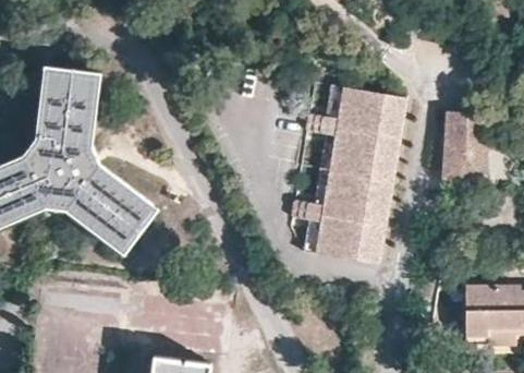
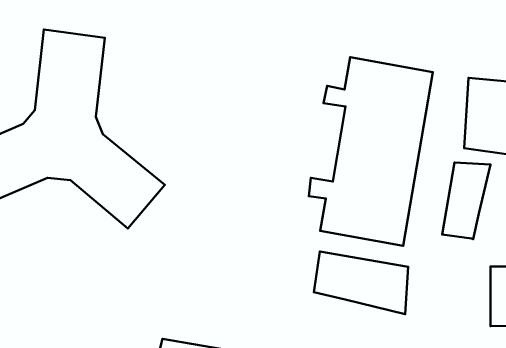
building: none -> [442,162,490,239]
building: none -> [314,252,408,314]

